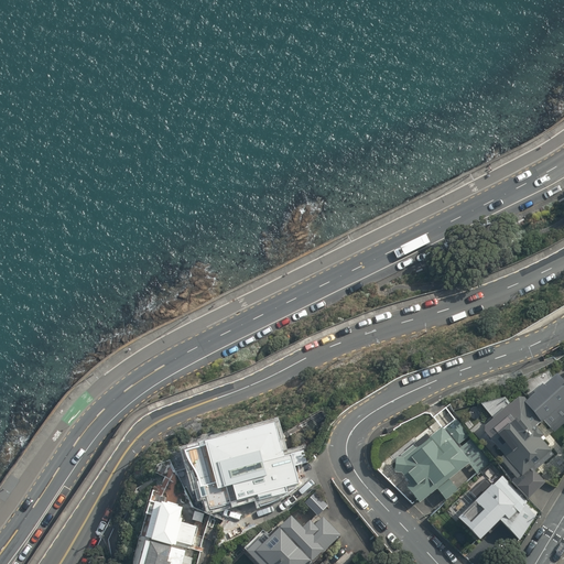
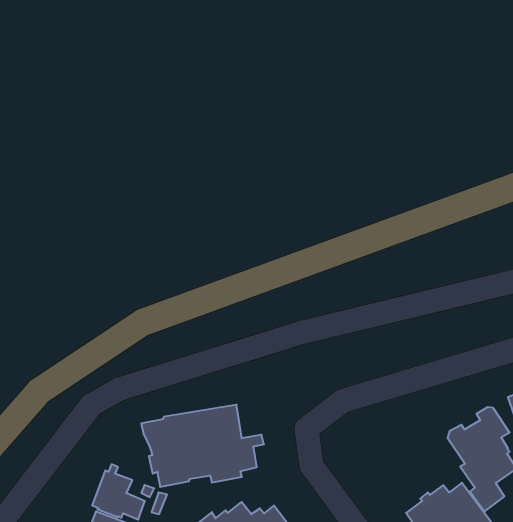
building: [393,420,489,505] -> none

